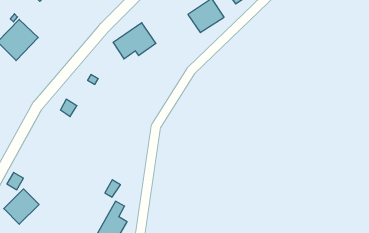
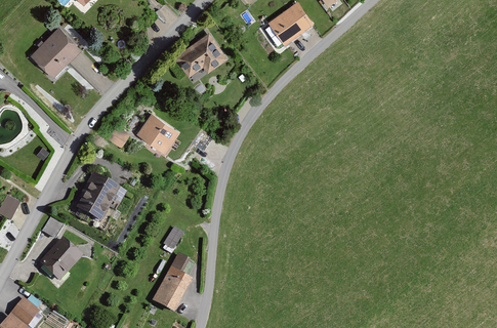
building: none -> [136,113,178,154]
building: none -> [75,173,126,223]

